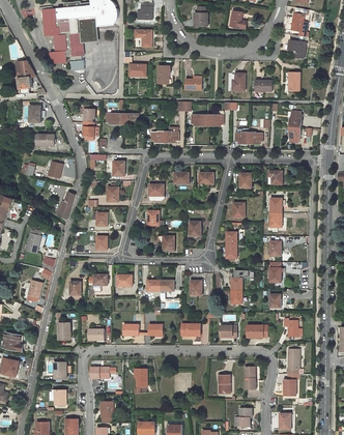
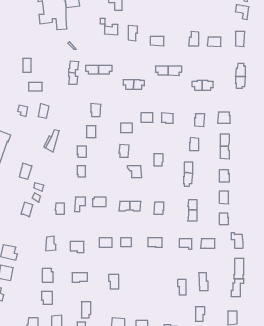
building: [16,57,35,94] -> none

